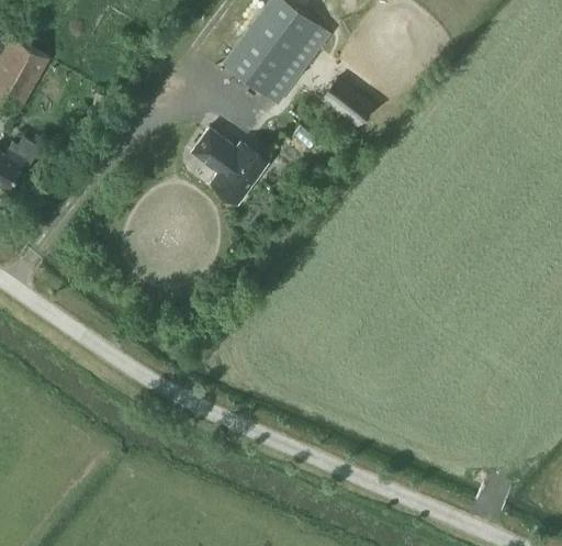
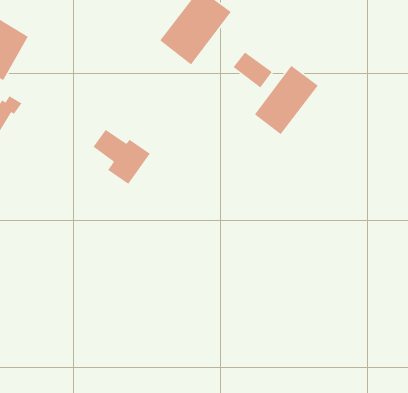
building: none -> [254,65,319,135]
building: [191,129,269,203] -> [92,129,151,185]

